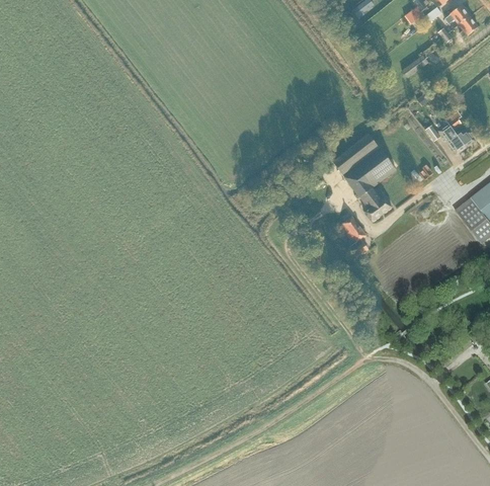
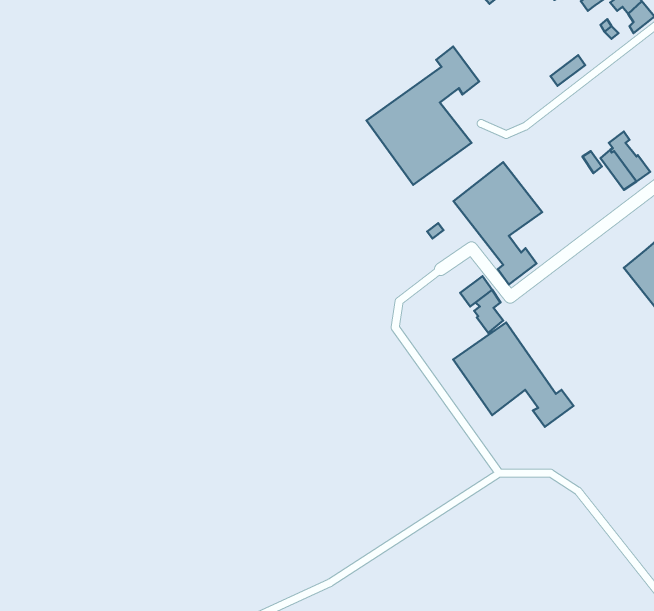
building: none -> [366,47,479,185]
building: none -> [453,323,574,427]

